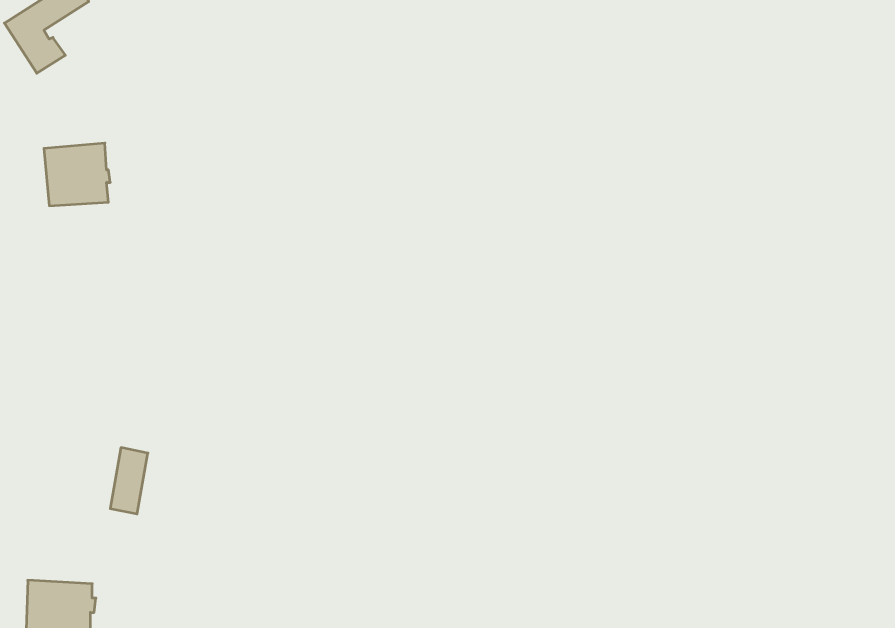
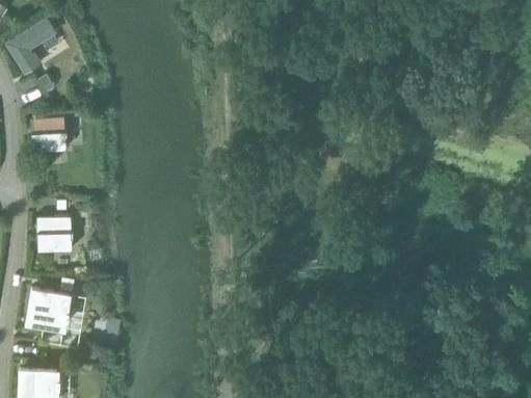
building: none -> [35,217,72,253]
building: none -> [25,290,68,328]

